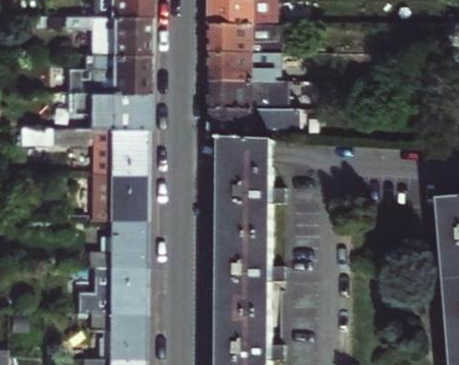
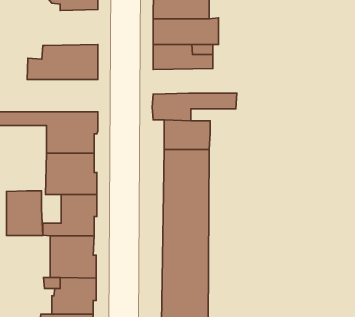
building: [65,17,149,57] -> none
building: [210,83,302,111] -> none
building: [70,95,149,131] -> none
building: none -> [7,191,43,235]

